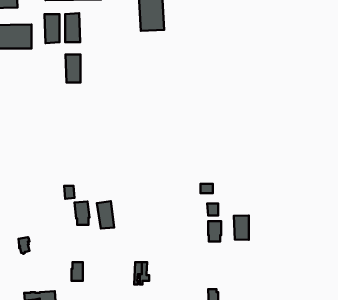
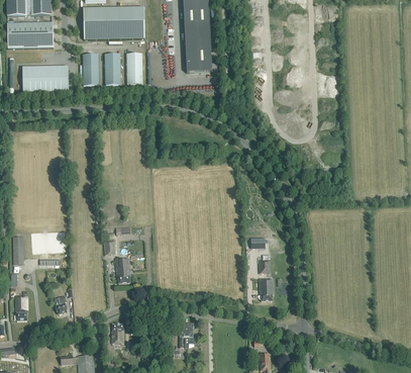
building: [65,54,80,82] -> [125,54,141,84]
building: [97,201,114,229] -> none
building: [234,215,249,240] -> none

